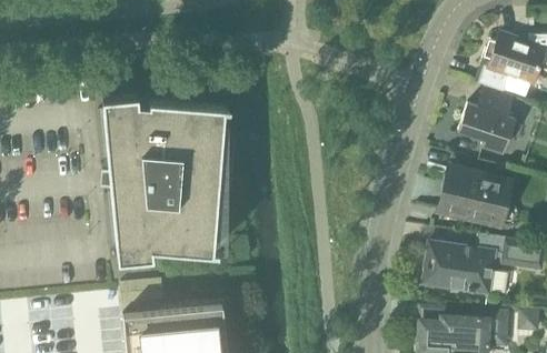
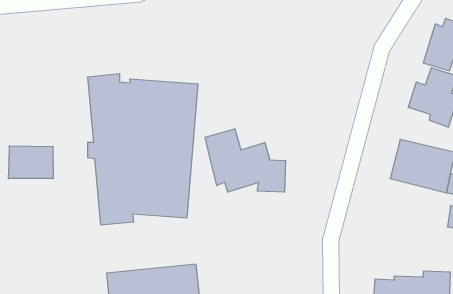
building: none -> [205,129,286,192]
building: none -> [9,146,53,179]
building: [422,243,495,294] -> none

